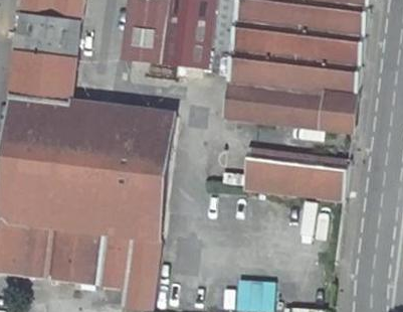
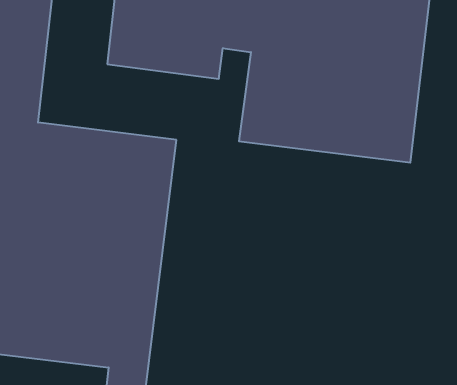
building: [243,150,346,200] -> none

